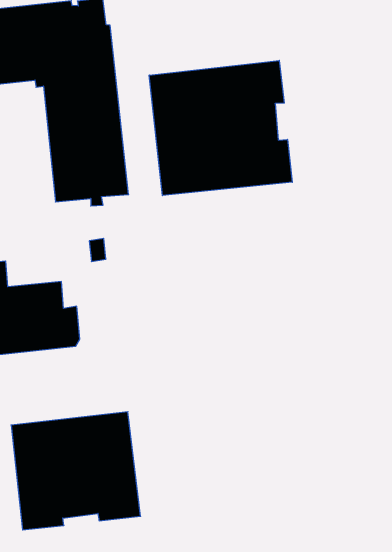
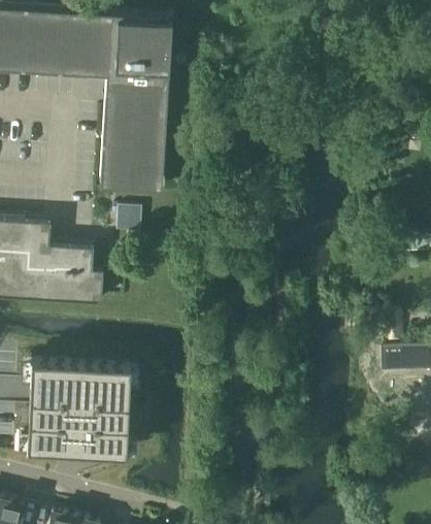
building: [149,60,292,196] -> none

